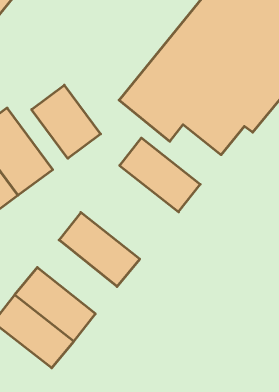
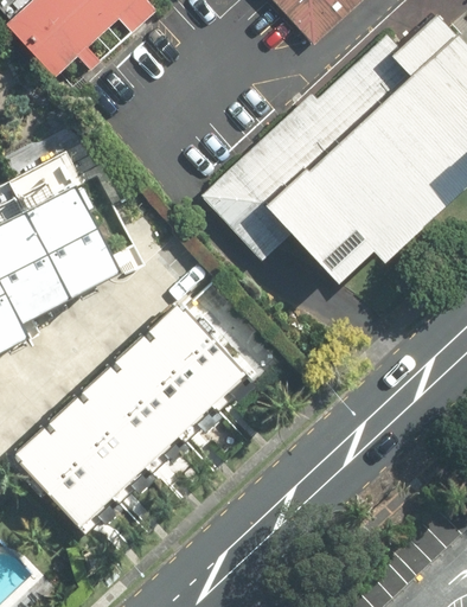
building: [32,85,101,158] -> none
building: [120,138,200,212] -> [145,302,244,404]
building: none -> [78,364,177,466]

